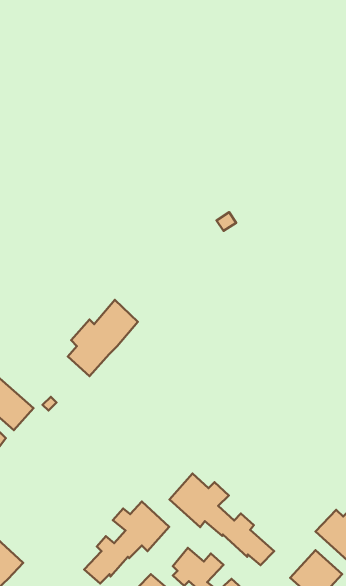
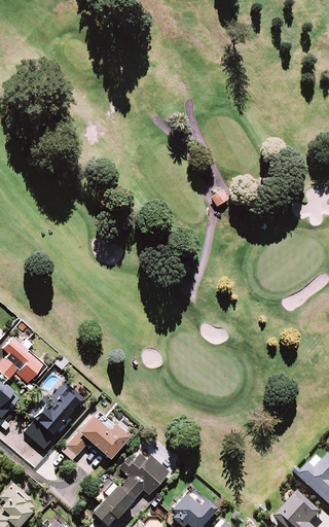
building: [68,300,138,376] -> [24,381,86,449]
building: none -> [62,409,129,460]
building: [169,474,274,565] -> none

